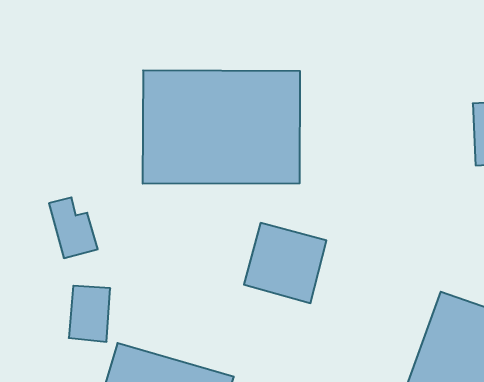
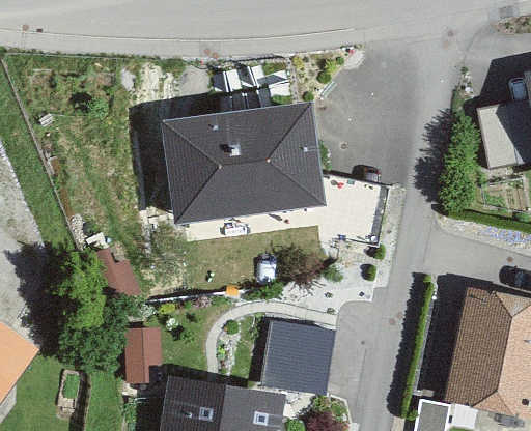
building: [244,223,326,303] -> [261,320,334,390]

